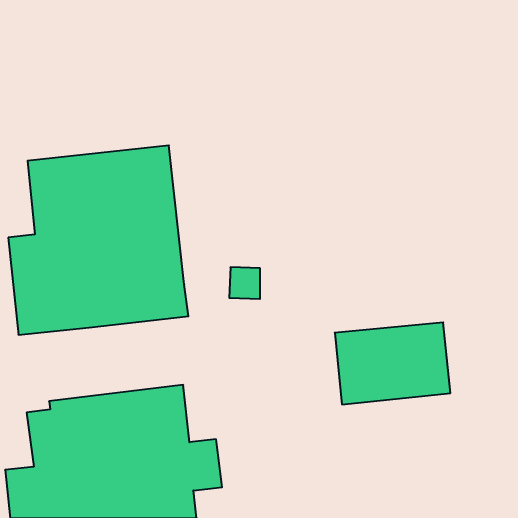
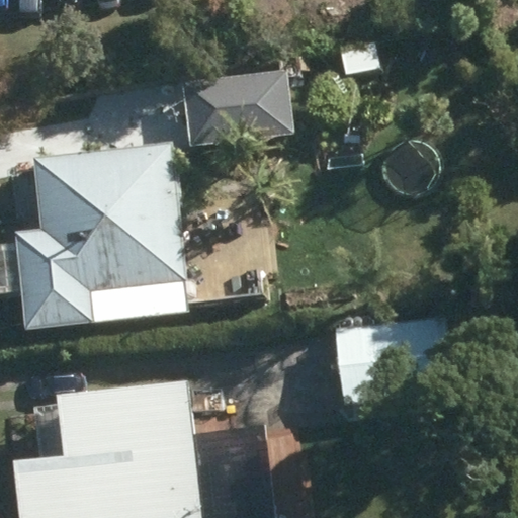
building: none -> [183,67,296,147]

